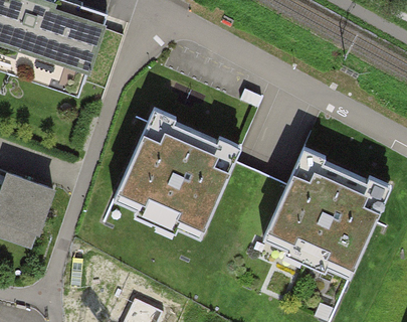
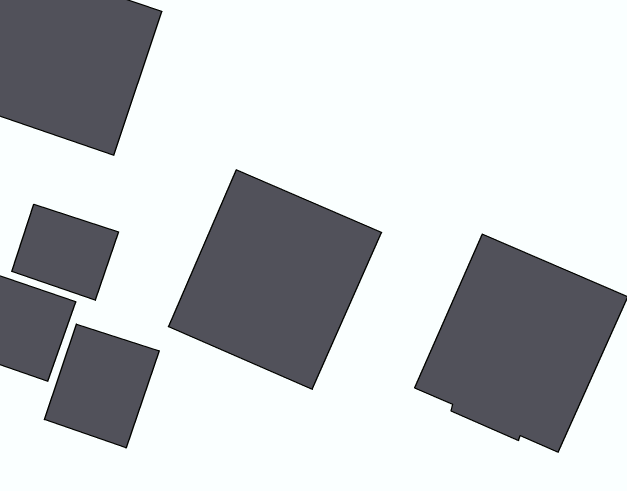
building: none -> [12,204,118,300]
building: none -> [44,324,159,448]

